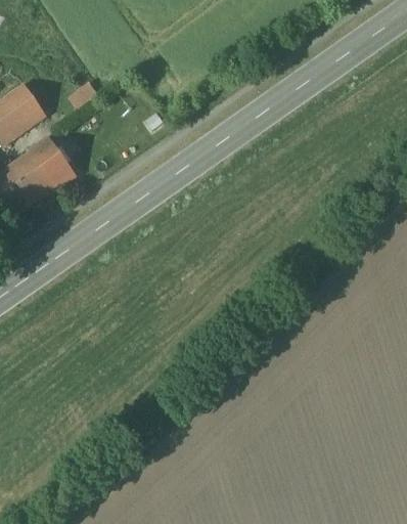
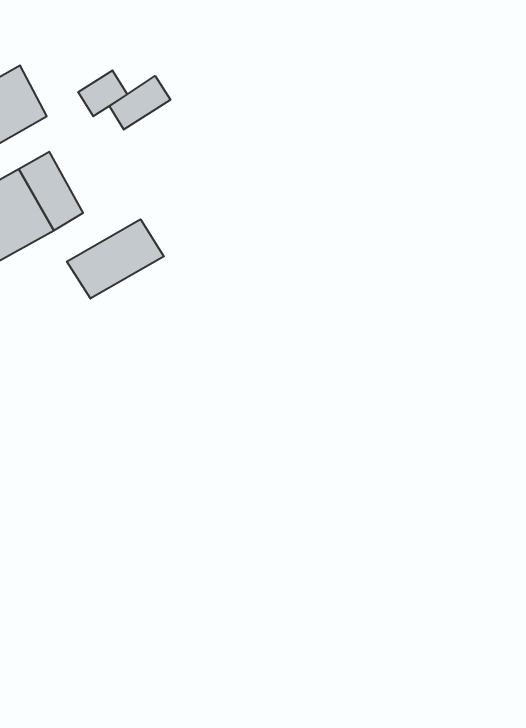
building: none -> [110,76,170,130]
building: none -> [67,219,164,299]

